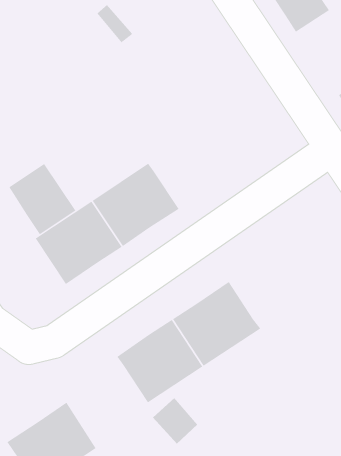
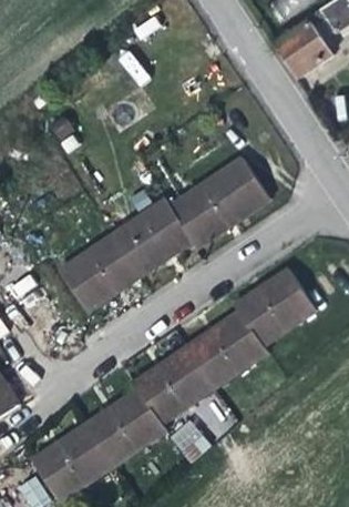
building: none -> [168,156,270,247]
building: [9,163,76,235] -> none
building: none -> [234,266,315,344]
building: none -> [86,387,166,465]

